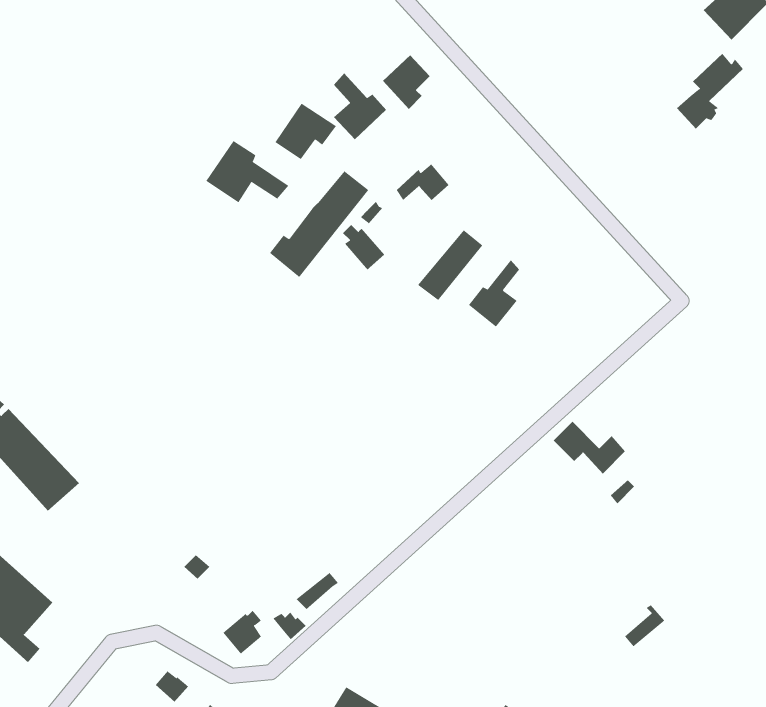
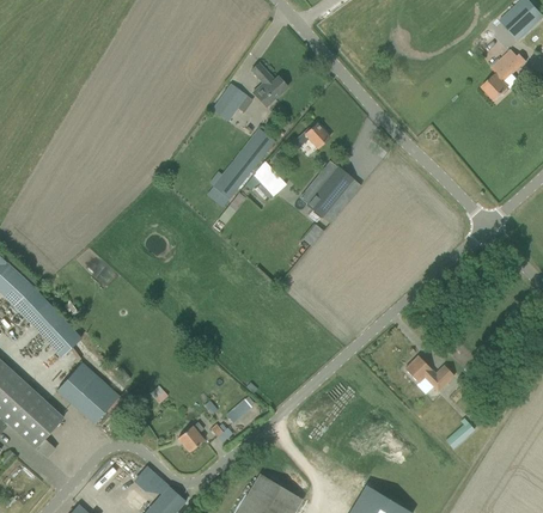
building: [382,54,430,110] -> none
building: [205,140,289,203] -> none
building: [468,260,520,327] -> none
building: [553,421,626,474] -> [404,355,453,391]
building: none -> [57,364,118,423]

